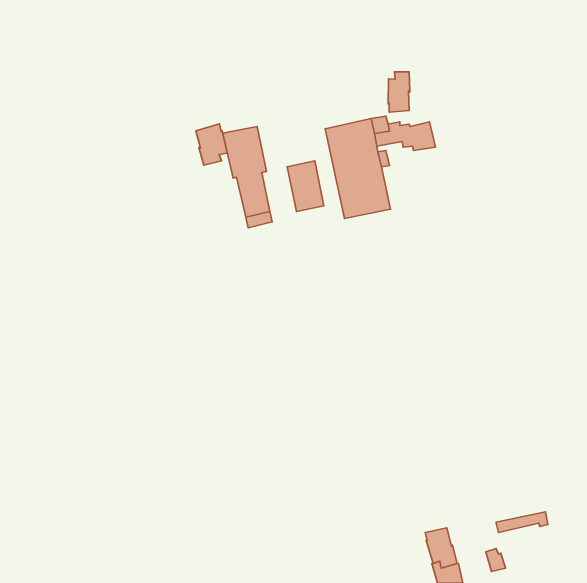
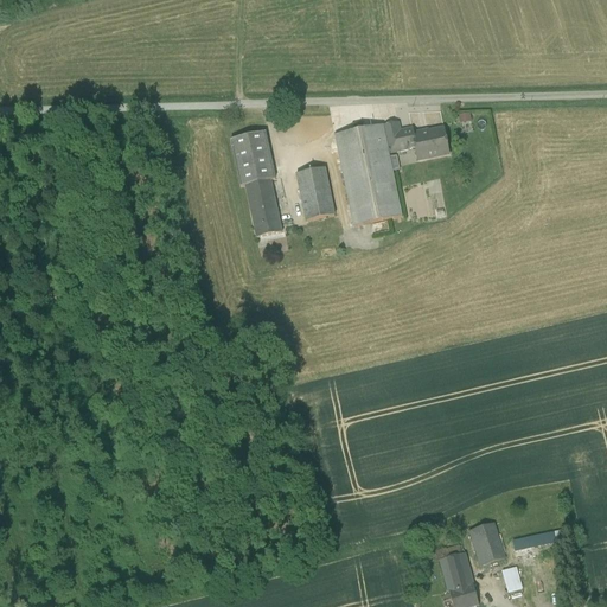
building: [388,72,410,112] -> none
building: [196,124,227,165] -> none
building: none -> [468,522,505,563]

